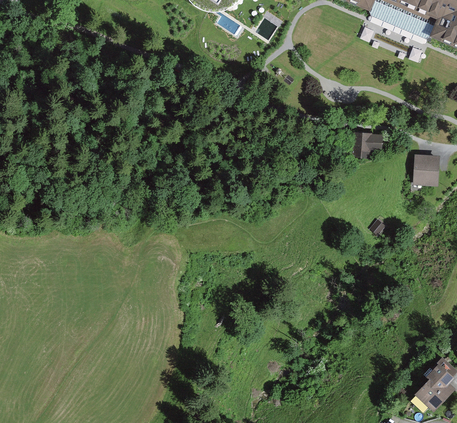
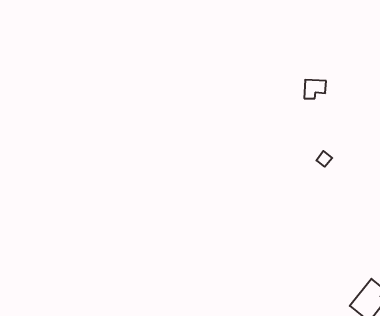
building: [414,153,440,185] -> none

